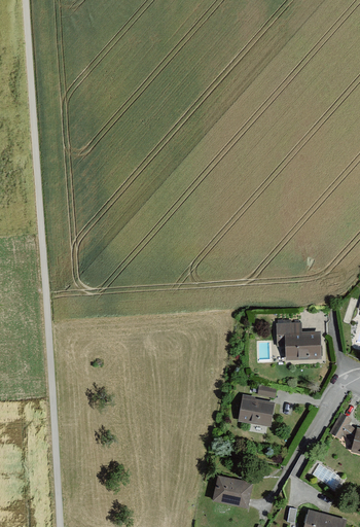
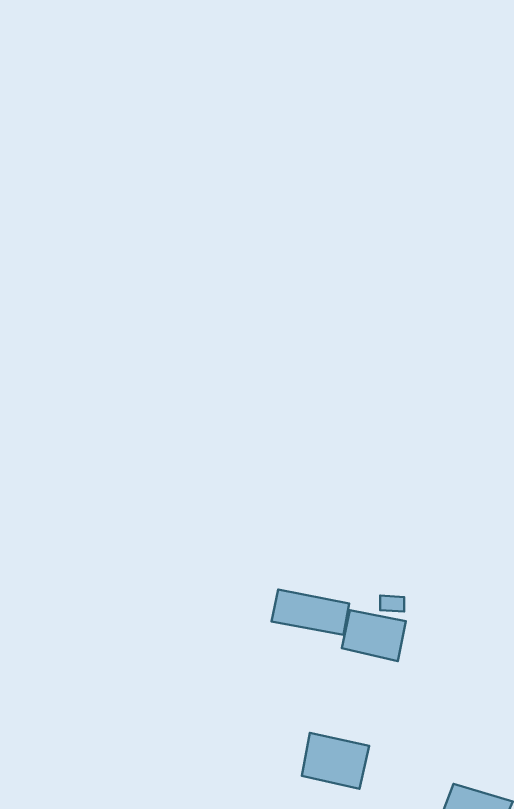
building: [282,326,327,360] -> none
building: none -> [272,589,349,635]

